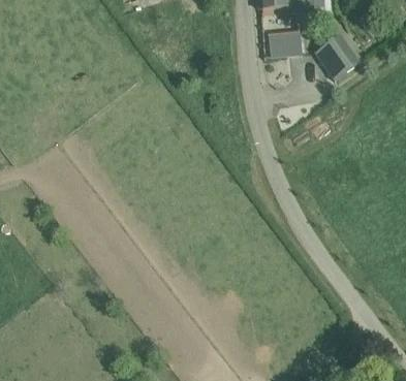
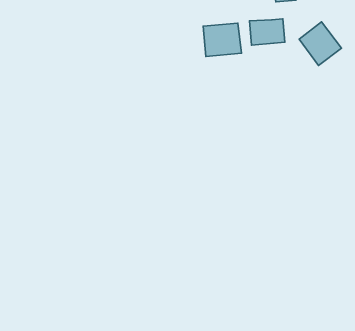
building: none -> [203,23,241,57]

